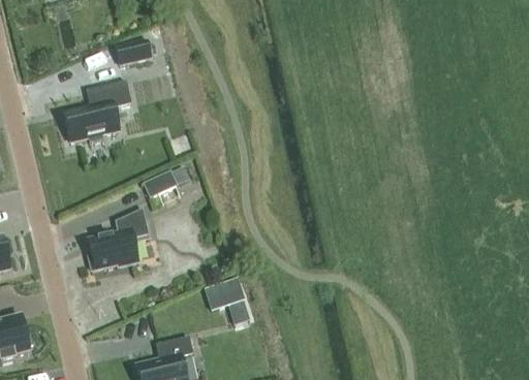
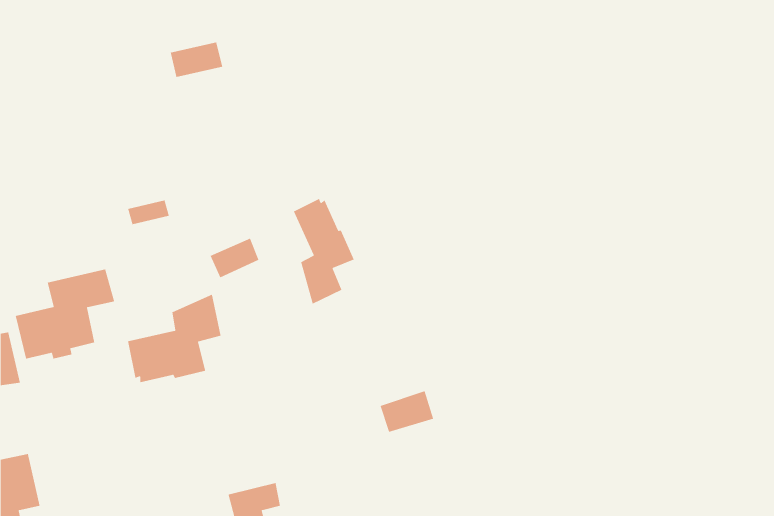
building: [64,80,132,141] -> [15,268,115,360]
building: none -> [293,198,355,305]
building: [206,279,243,308] -> [380,390,434,433]

